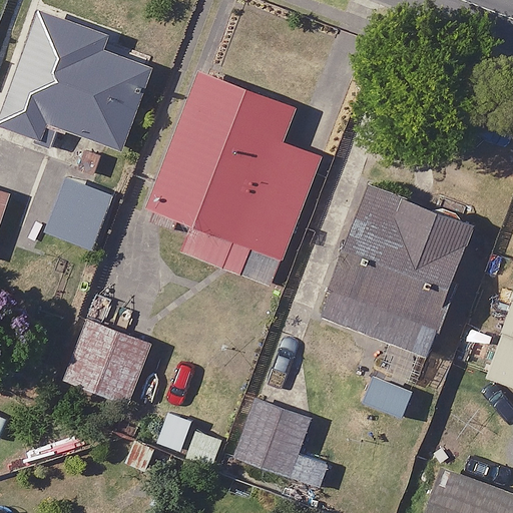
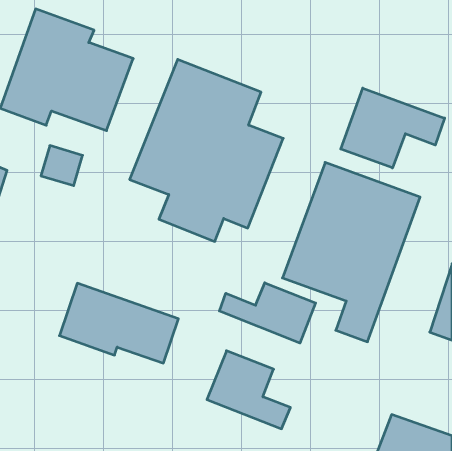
building: none -> [341,88,445,168]
building: none -> [219,283,316,343]

